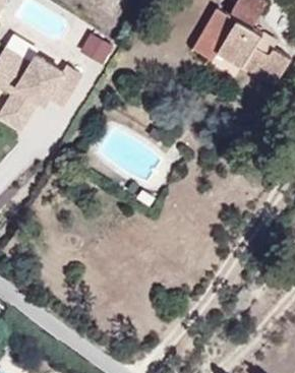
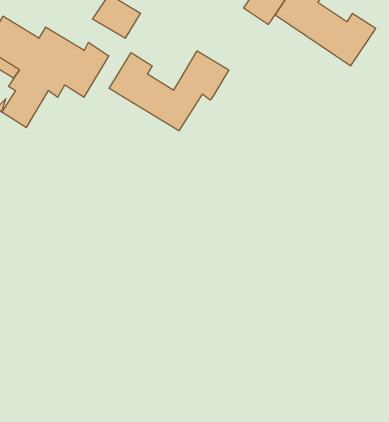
building: none -> [109,51,229,131]

